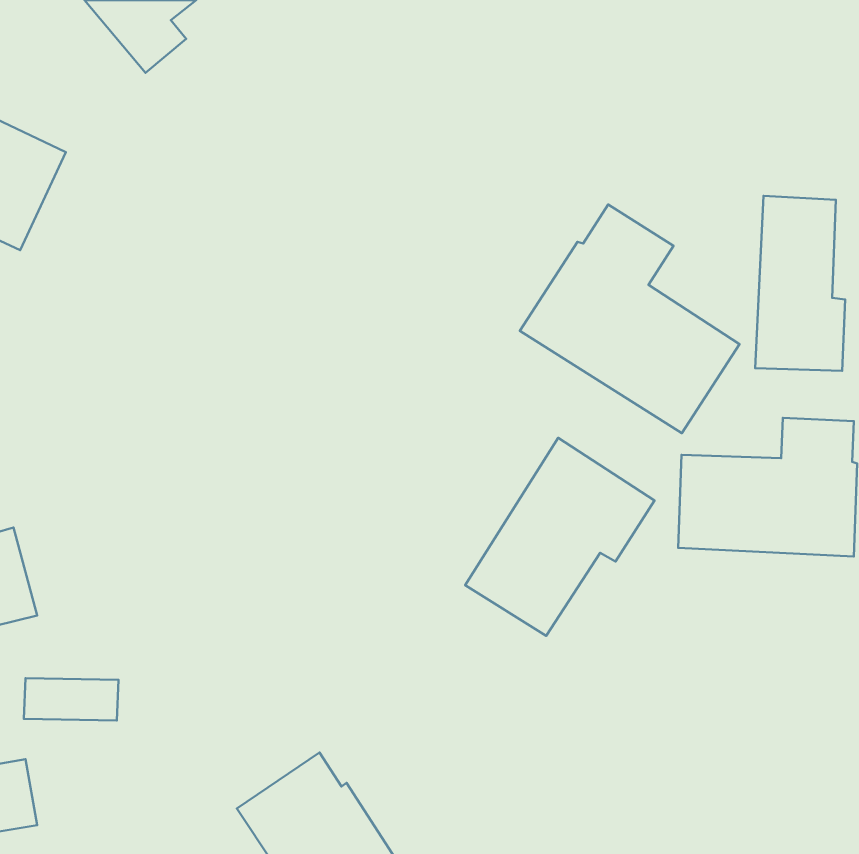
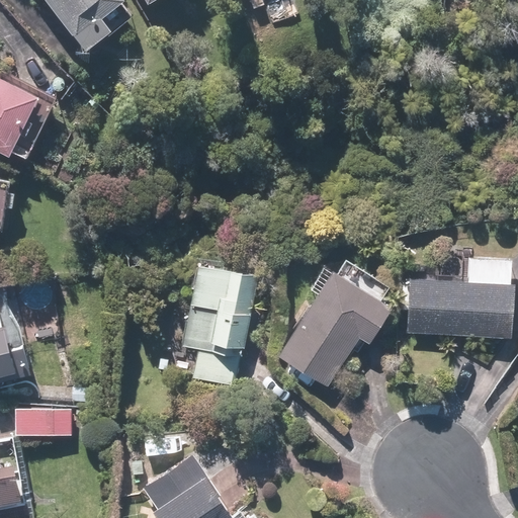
building: [755,196,845,371] -> none
building: [520,205,739,433] -> none
building: none -> [183,258,259,387]

